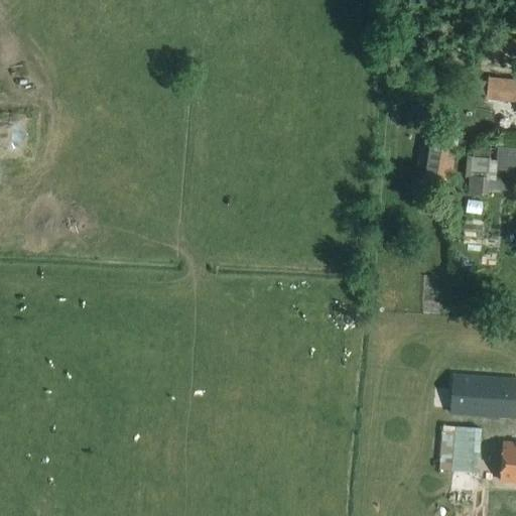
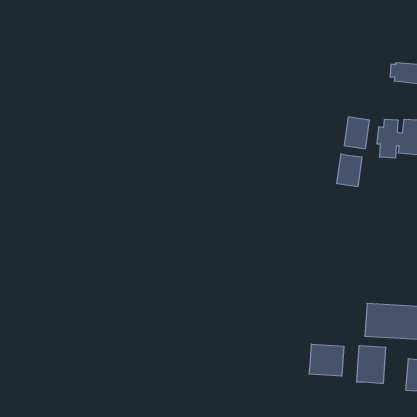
building: none -> [337,154,362,187]
building: none -> [309,344,344,376]

